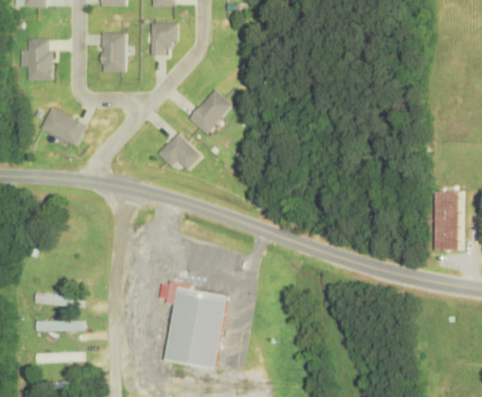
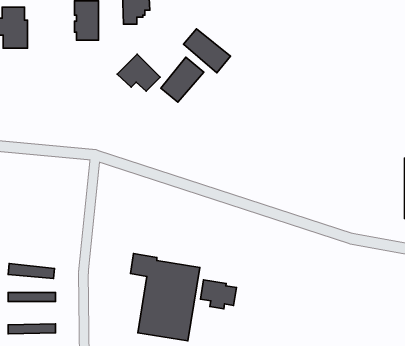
building: none -> [184,29,231,73]
building: [42,105,88,145] -> none
building: [157,132,201,169] -> [117,54,160,91]
building: none -> [200,280,236,309]

